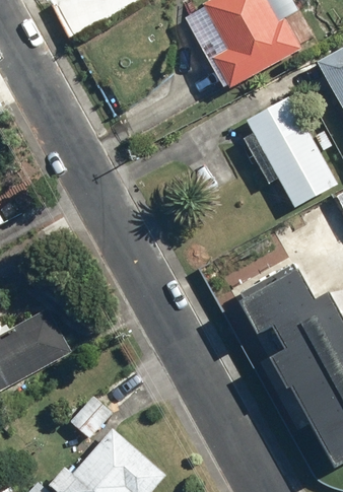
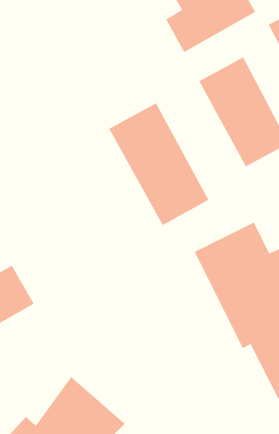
building: none -> [108,102,209,226]

